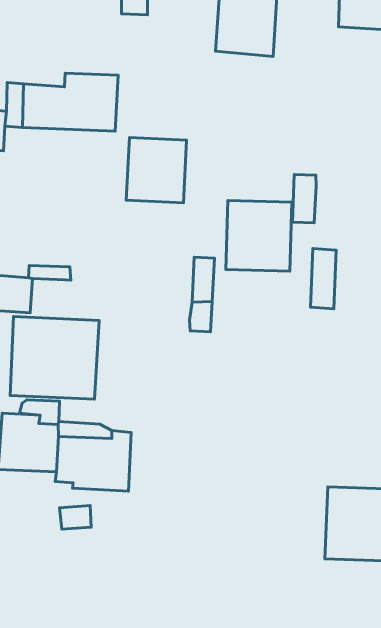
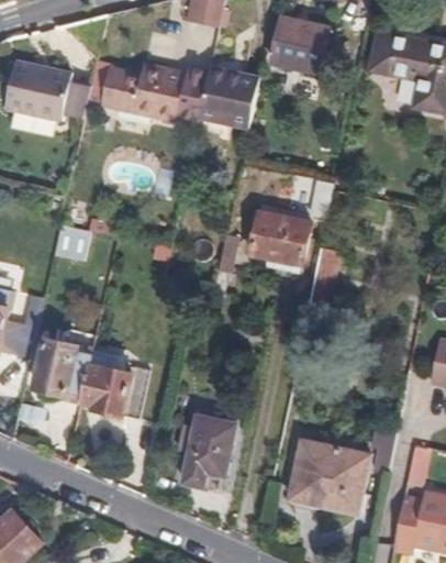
building: [126,138,187,203] -> [199,70,256,131]
building: [10,316,99,399] -> none
building: none -> [179,412,234,485]

